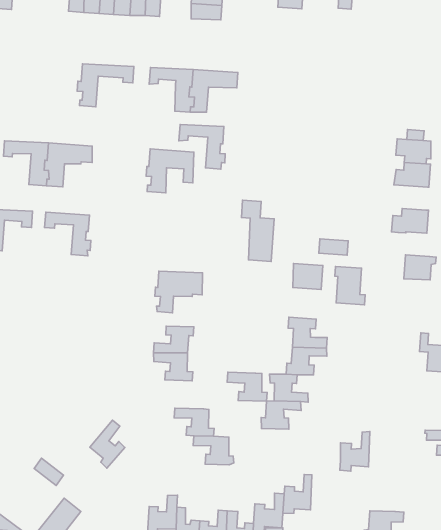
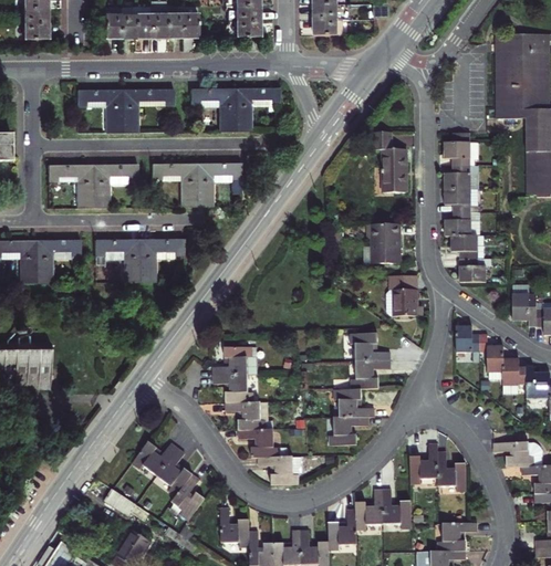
building: none -> [314,19,344,35]
building: none -> [76,90,124,132]
building: [179,124,225,169] -> [152,170,199,213]
building: none -> [444,189,478,212]
building: [241,200,274,261] -> [375,130,408,190]
building: none -> [451,235,485,259]
building: [293,263,323,290] -> [372,224,402,249]
building: [155,271,203,313] -> [137,240,185,282]
building: none -> [459,328,481,355]
building: [227,372,267,401] -> [227,400,268,429]
building: none -> [131,439,177,474]
building: none -> [437,448,467,486]
building: none -> [170,472,205,517]
building: none -> [382,485,410,526]

